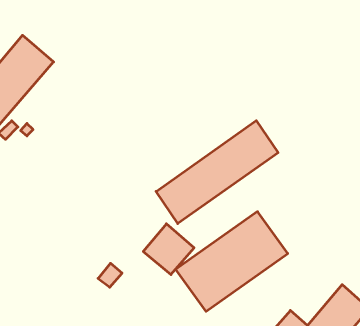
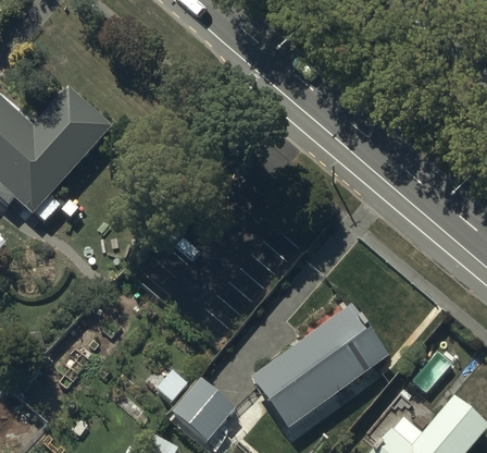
building: [156,121,278,224] -> none
building: [143,224,194,275] -> [174,377,236,439]

